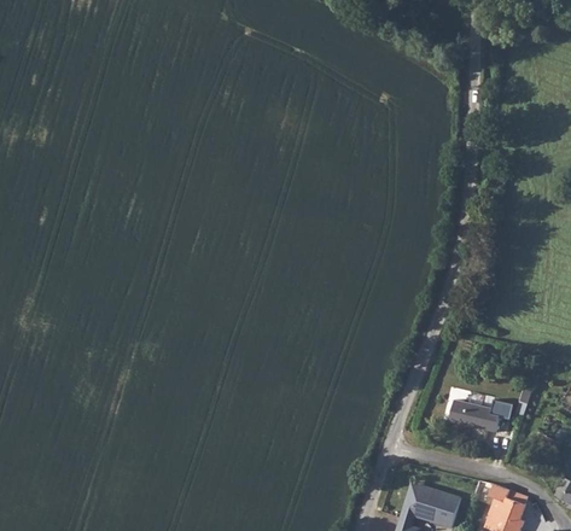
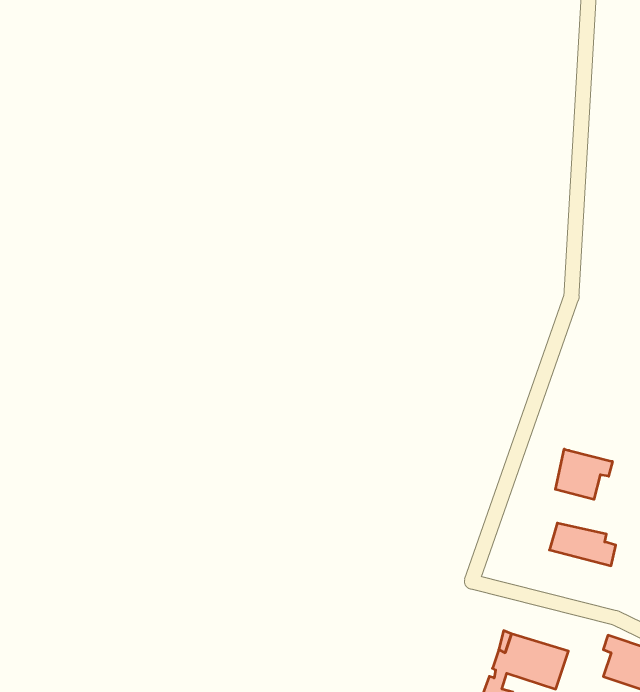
building: none -> [555,449,612,499]

